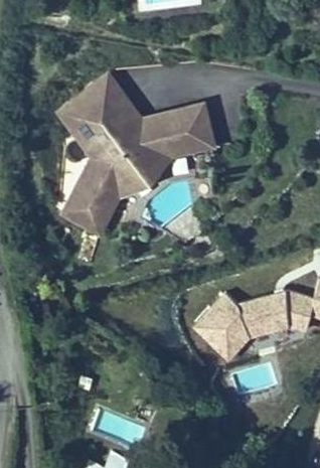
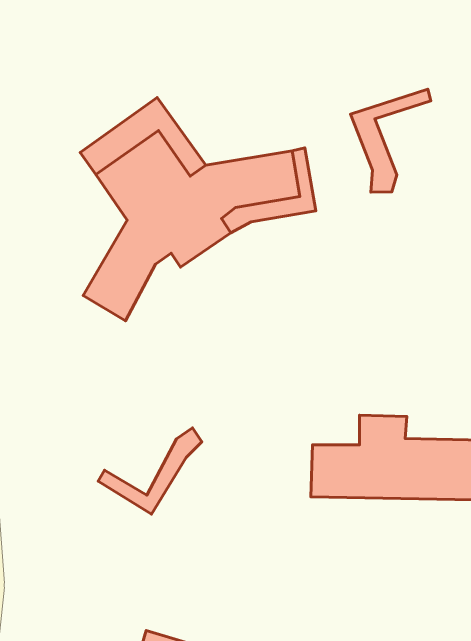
building: none -> [351,89,431,192]
building: [59,178,126,233] -> [98,428,202,514]

